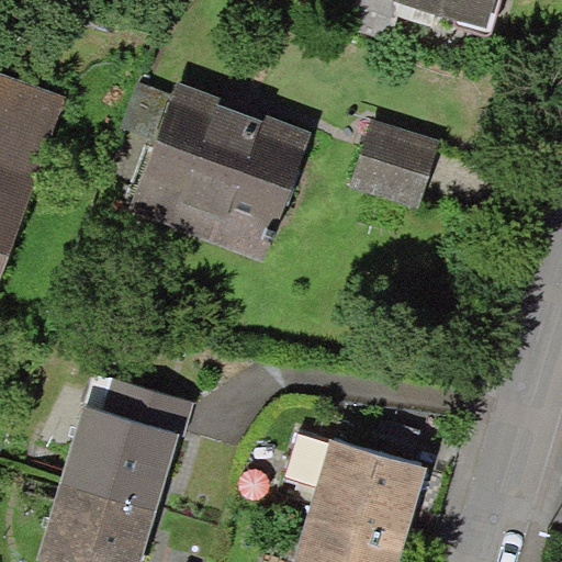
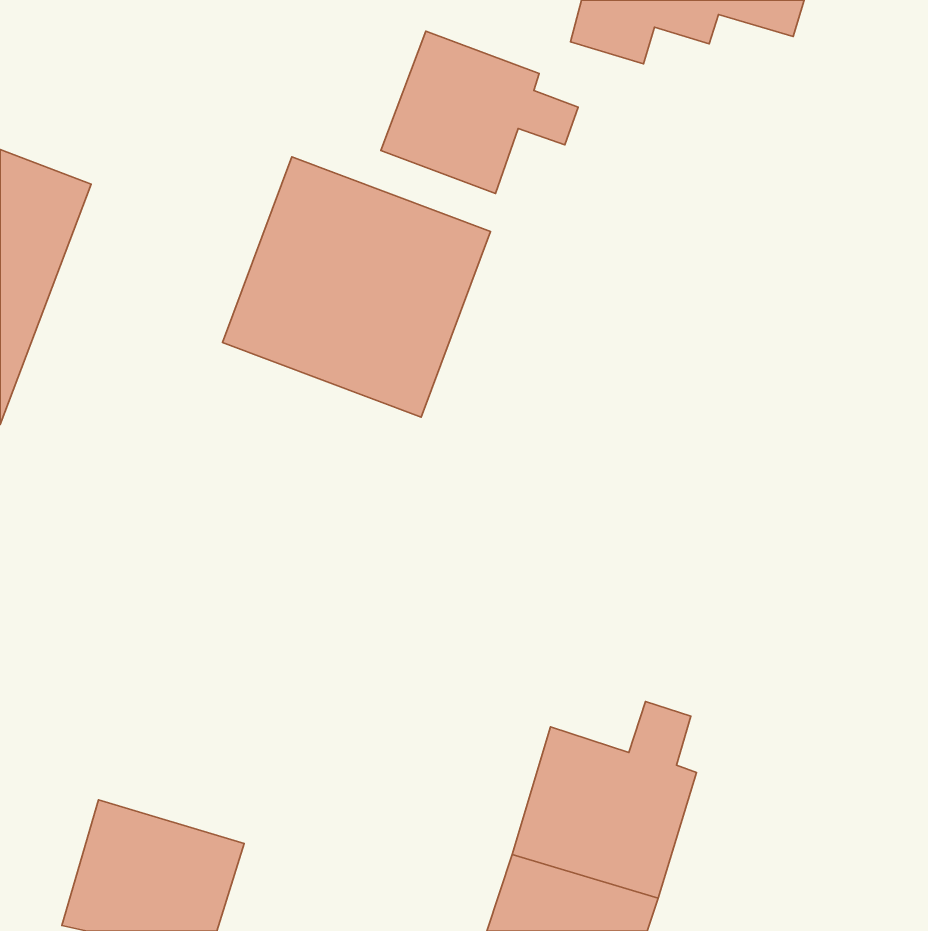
building: none -> [381,31,578,194]
building: [351,126,436,204] -> none
building: [61,381,192,508] -> none

